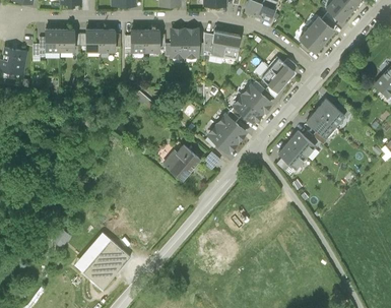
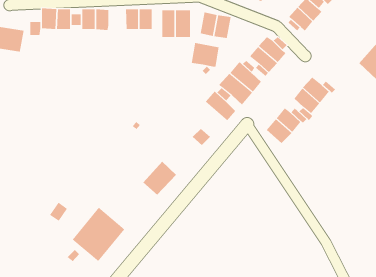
building: none -> [191,42,219,67]
building: [203,124,237,156] -> none
building: [161,144,197,180] -> [142,161,177,195]

